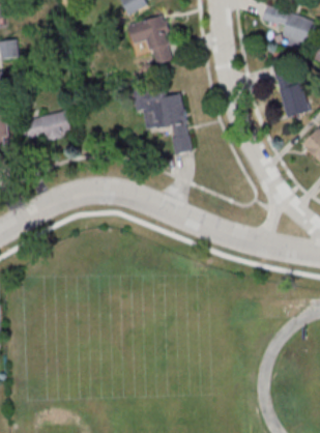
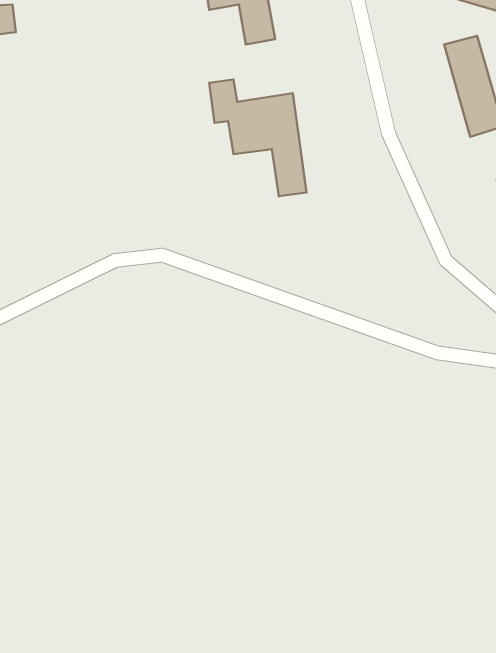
building: [20,111,74,140] -> none

